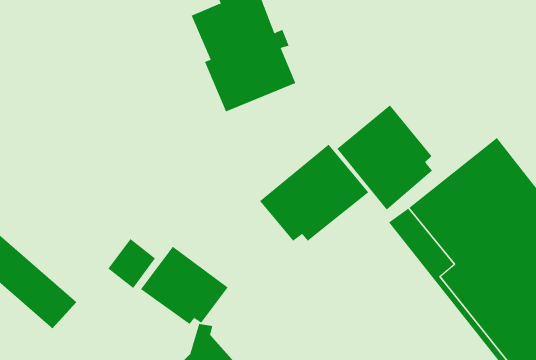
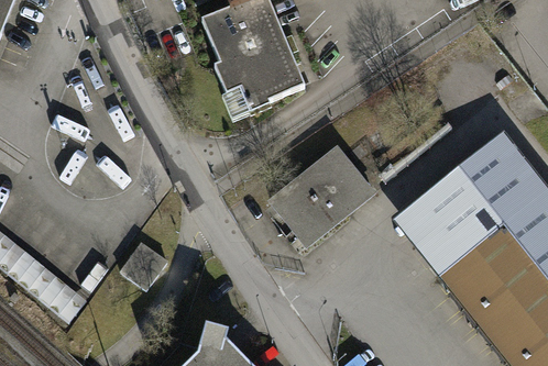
building: [337,104,433,210] -> none
building: [140,246,229,325] -> none

